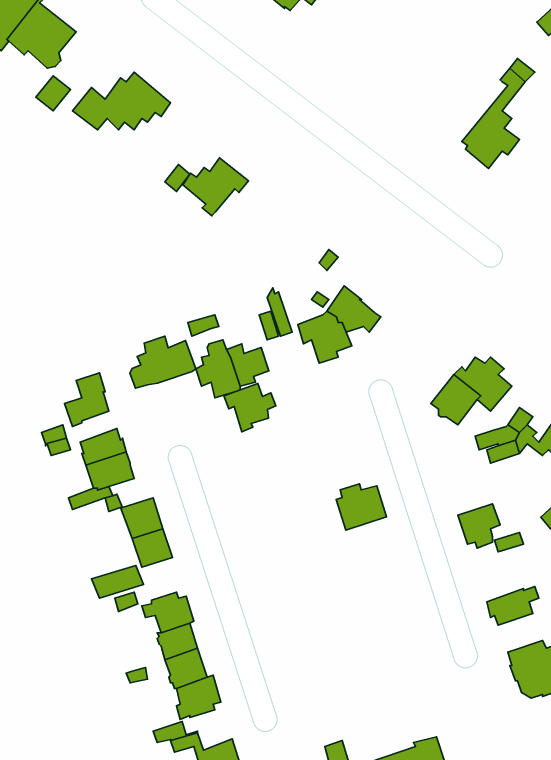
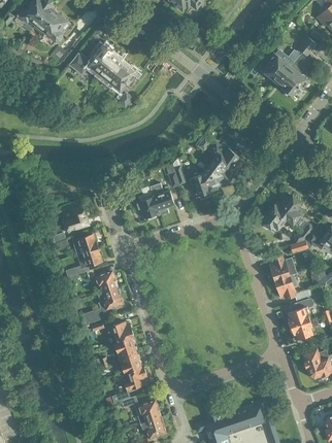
building: none -> [264,48,302,80]
building: [183,158,248,216] -> [102,60,137,91]
building: none -> [210,141,239,172]
building: [130,336,196,388] -> none
building: [224,384,276,432] -> none
building: [336,484,386,530] -> [270,255,297,280]
building: none -> [288,298,313,327]

